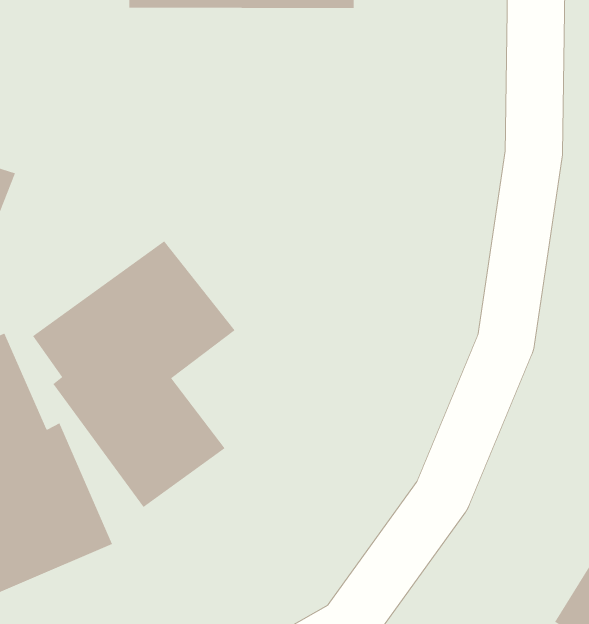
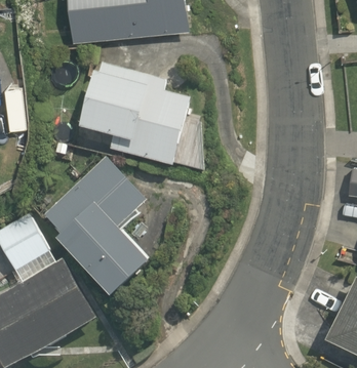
building: none -> [78,65,189,167]

